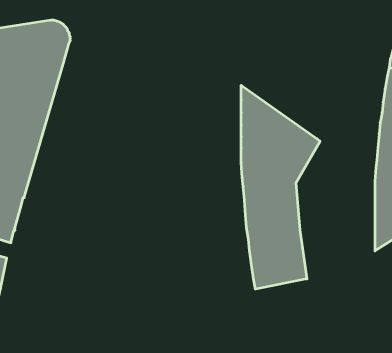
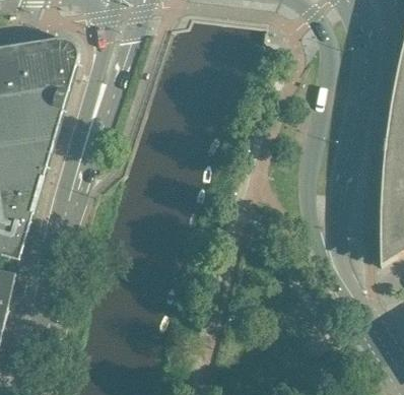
building: [241,85,320,289] -> none

